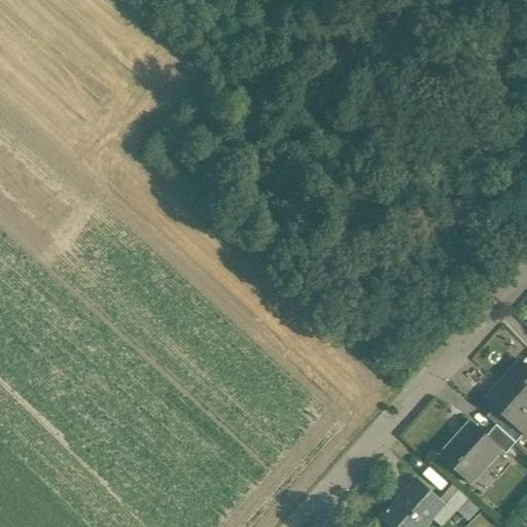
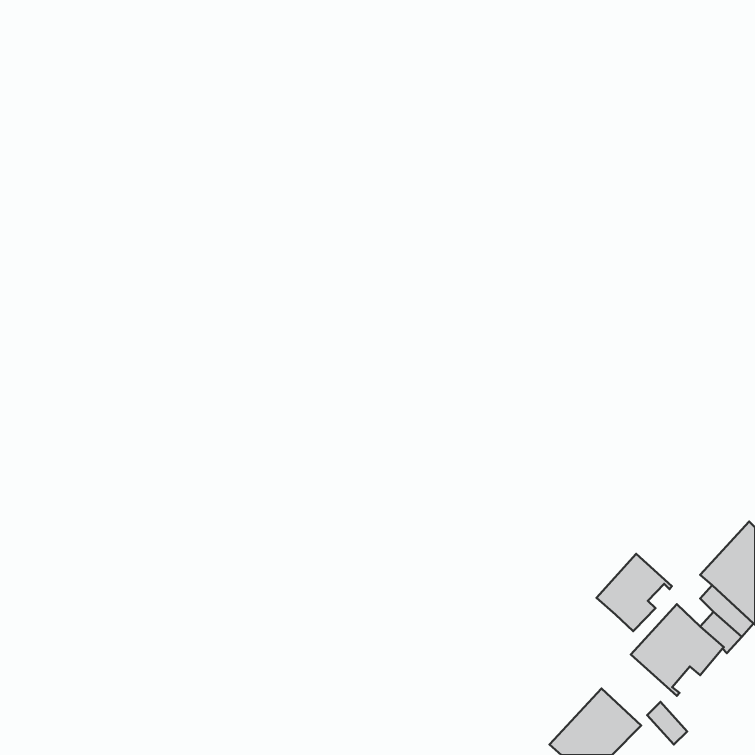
building: none -> [596,554,672,631]

